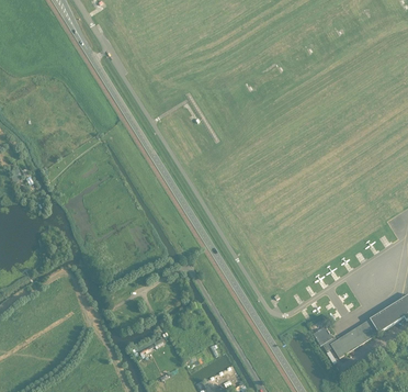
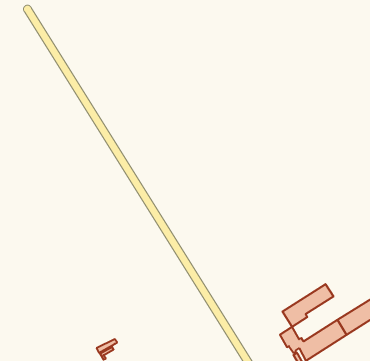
building: none -> [283,284,333,327]

